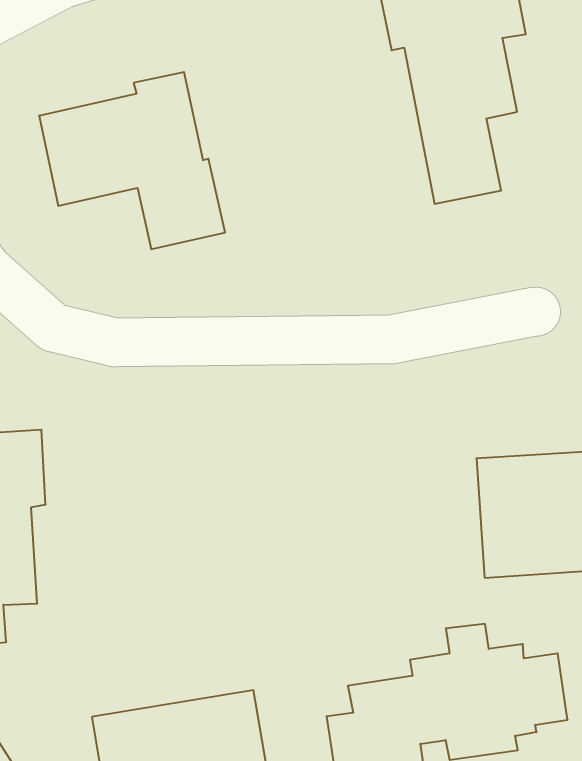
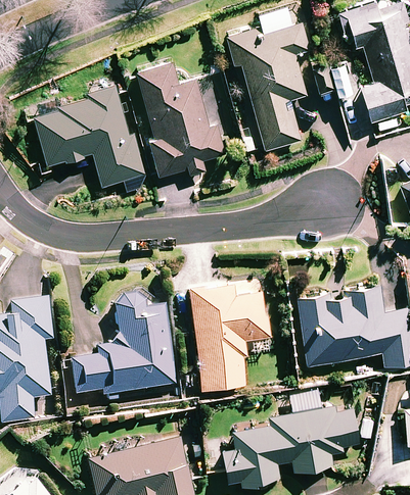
building: none -> [137,61,224,177]
building: none -> [70,291,175,404]
building: none -> [187,285,269,393]

